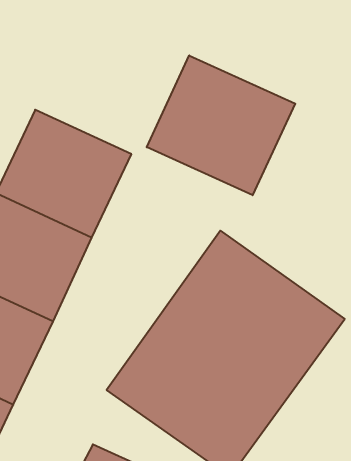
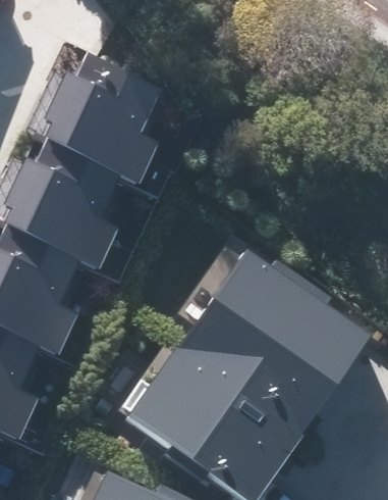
building: none -> [45,42,183,174]
building: [147,55,295,195] -> none

